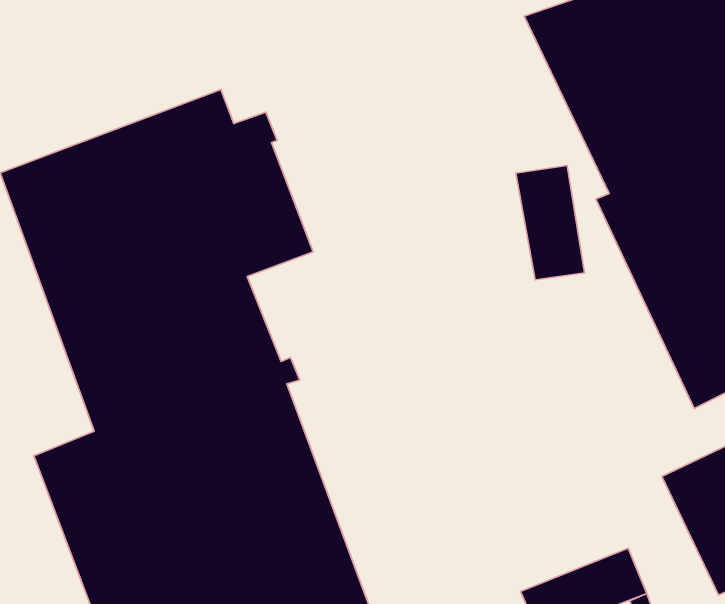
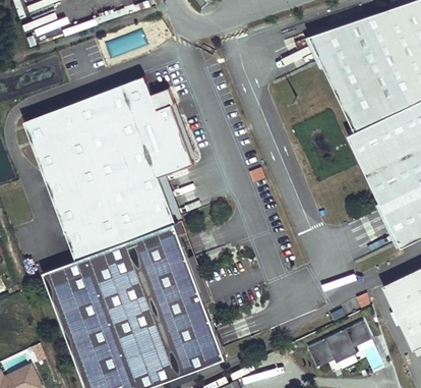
building: [516,165,585,280] -> none

